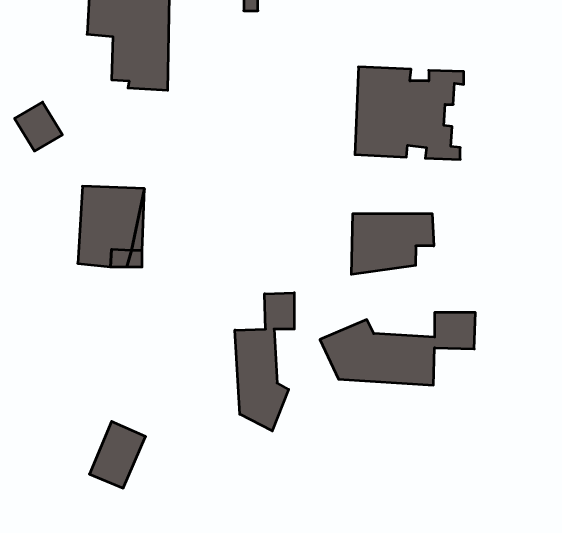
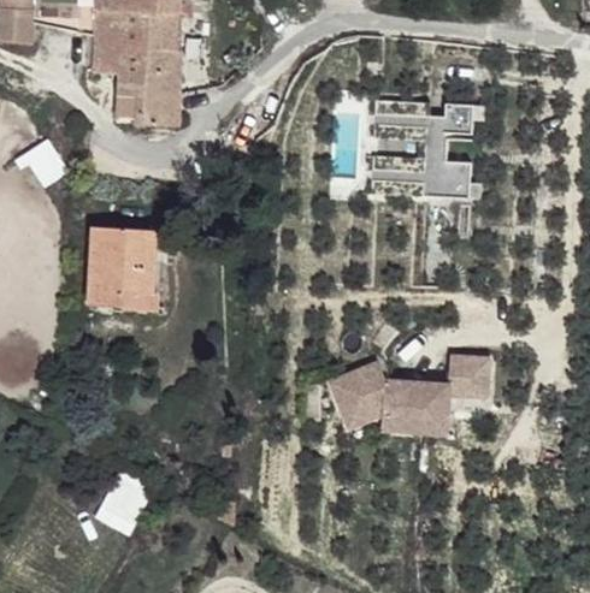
building: [351,214,434,274] -> none
building: [235,293,294,431] -> none

